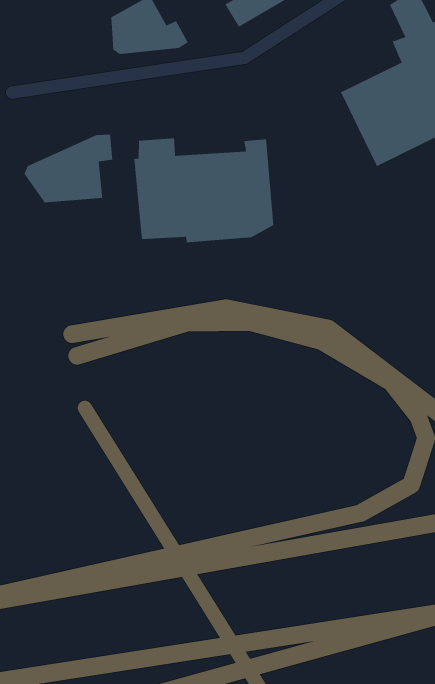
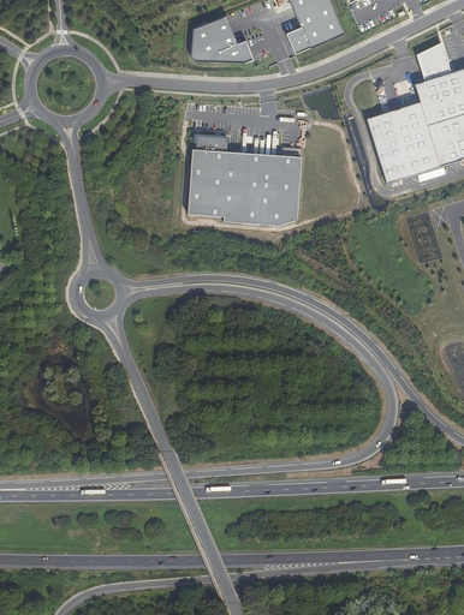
building: [24,134,113,203] -> none

